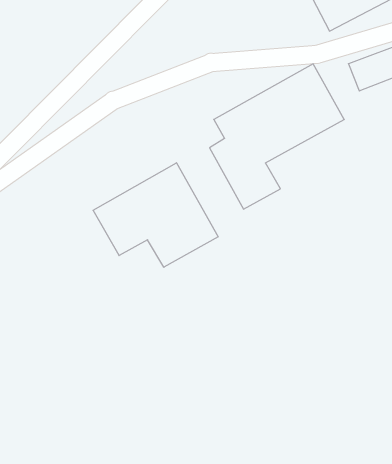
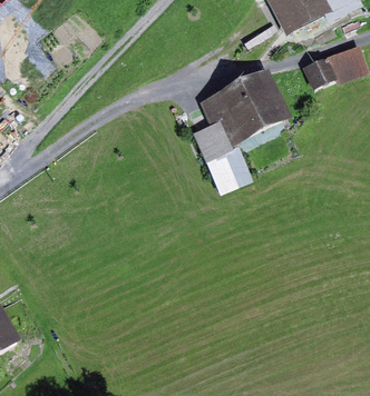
building: [93,163,218,267] -> none

